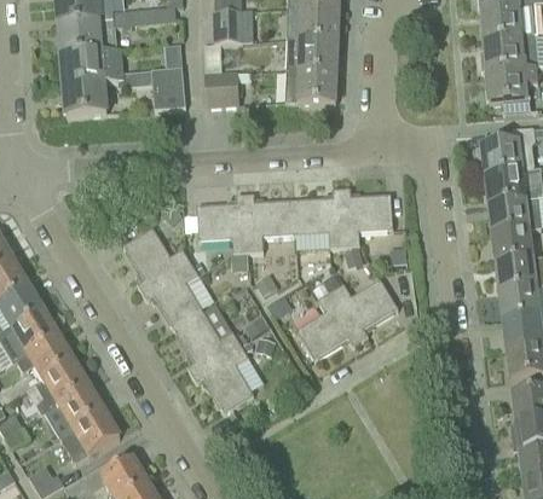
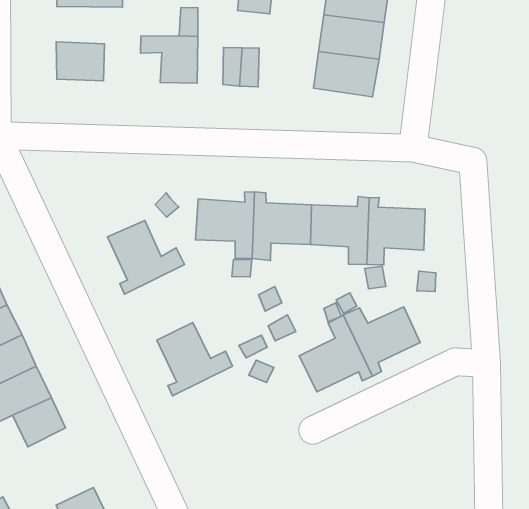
building: [60,50,135,88] -> none
building: [143,262,203,329] -> none
building: [192,344,254,412] -> none
building: [60,411,120,464] -> none

